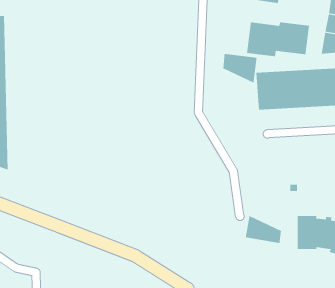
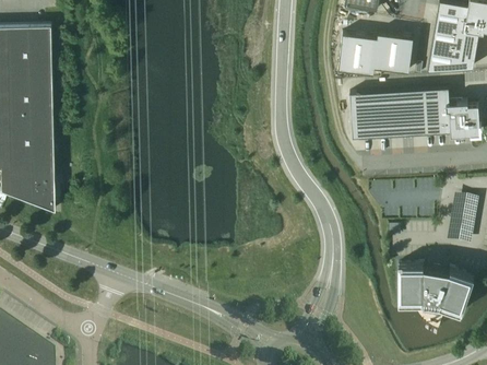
building: [223,53,257,84] -> none
building: [245,215,282,244] -> none

